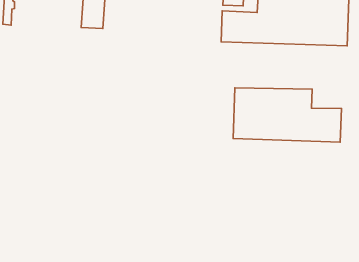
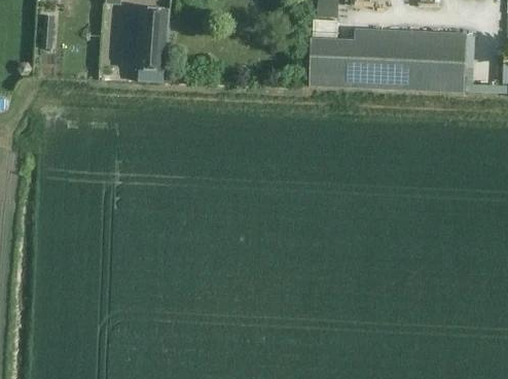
building: [233,88,341,142] -> none

